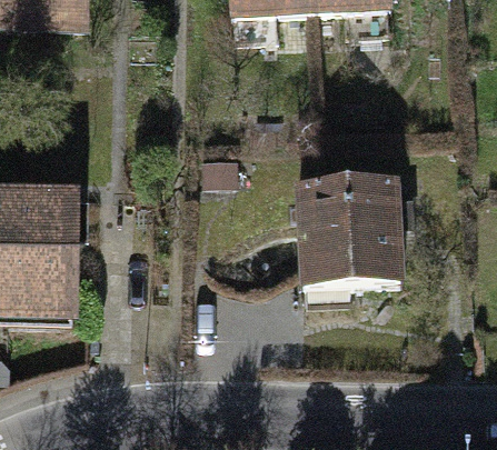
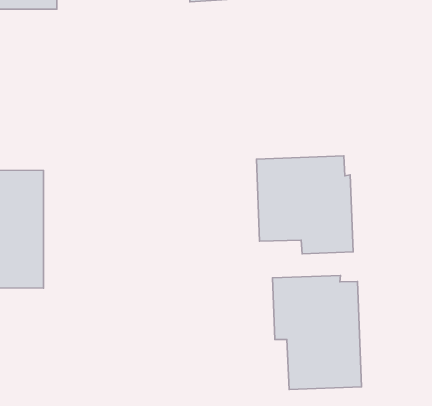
building: none -> [273,276,362,390]

